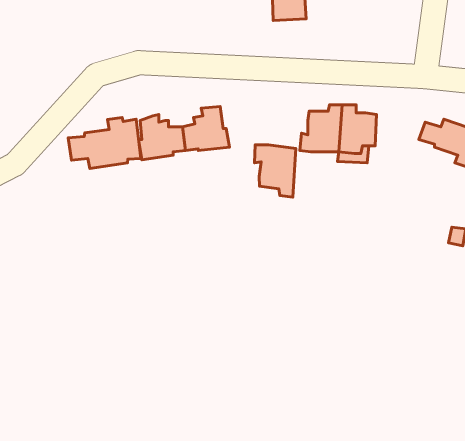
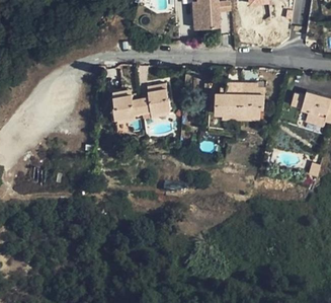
building: [68,117,141,169] -> none
building: [254,145,296,197] -> none

